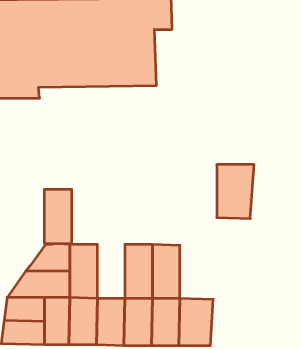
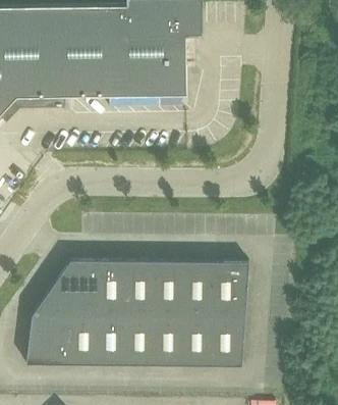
building: [217,165,254,219] -> [211,262,249,318]
building: [44,189,72,243] -> [125,261,154,317]

